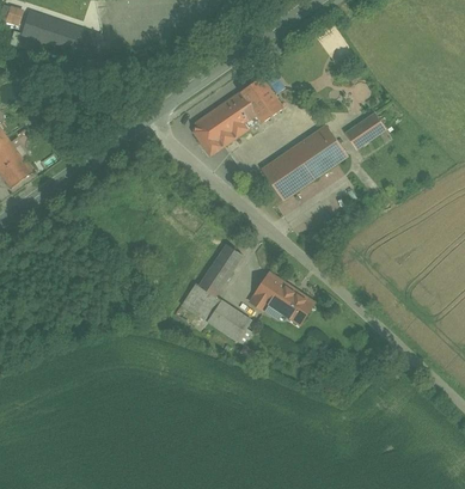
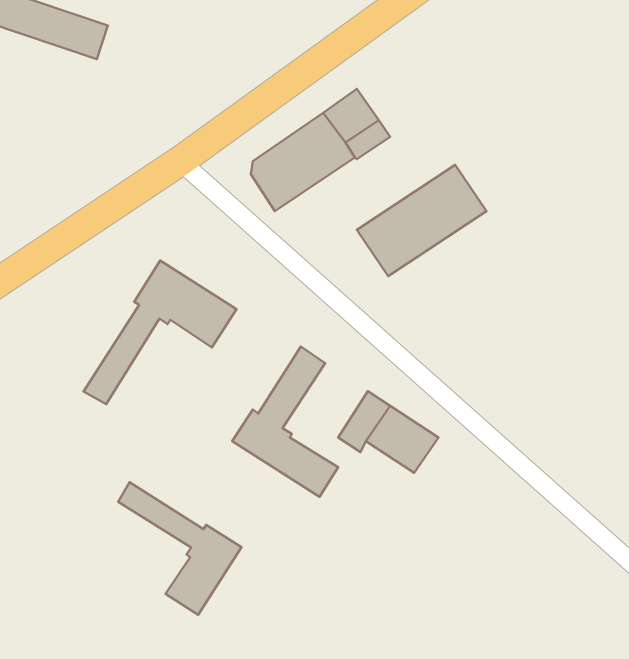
building: [344,114,385,149] -> none
building: none -> [84,261,236,404]
building: none -> [118,482,241,615]

